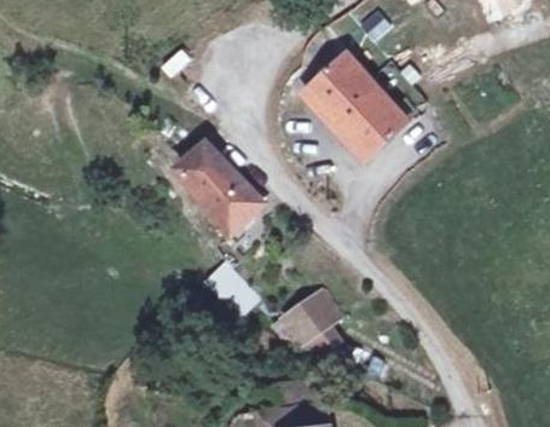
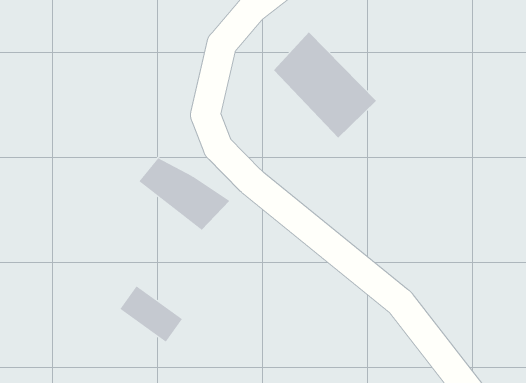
building: [207,269,262,322] -> [119,286,183,342]
building: [272,290,328,344] -> none

